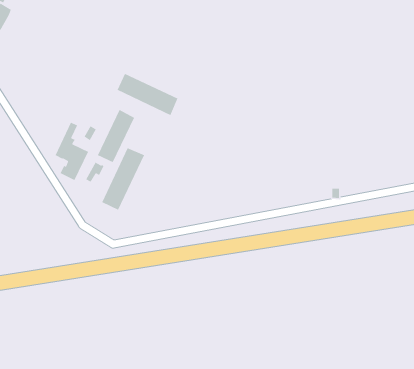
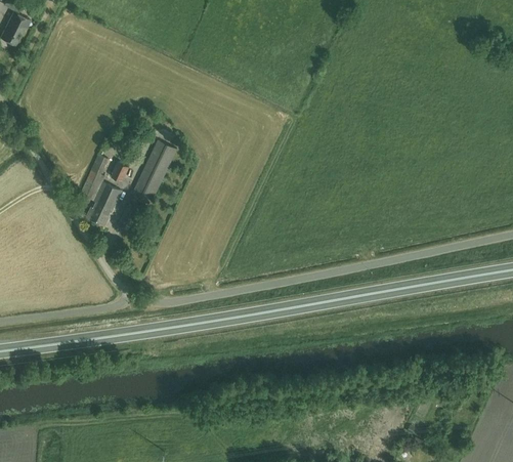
building: [116,73,178,116] -> none
building: [101,147,145,211] -> none

